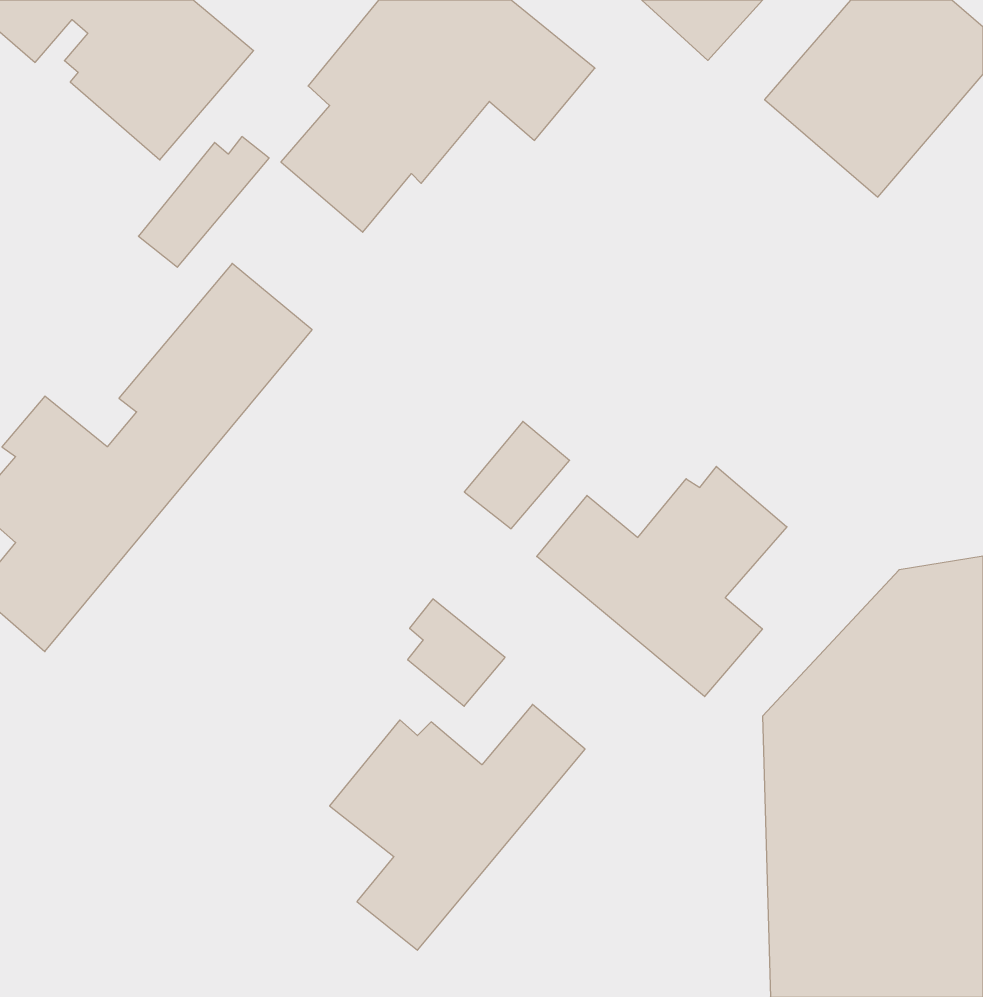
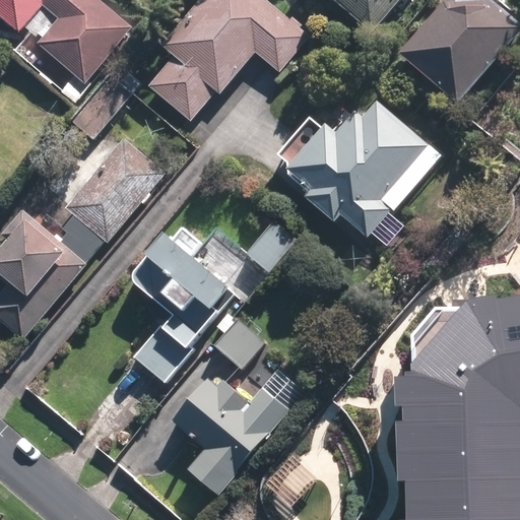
building: none -> [287,102,440,237]
building: none -> [130,223,242,384]
building: [537,466,787,697] -> none

